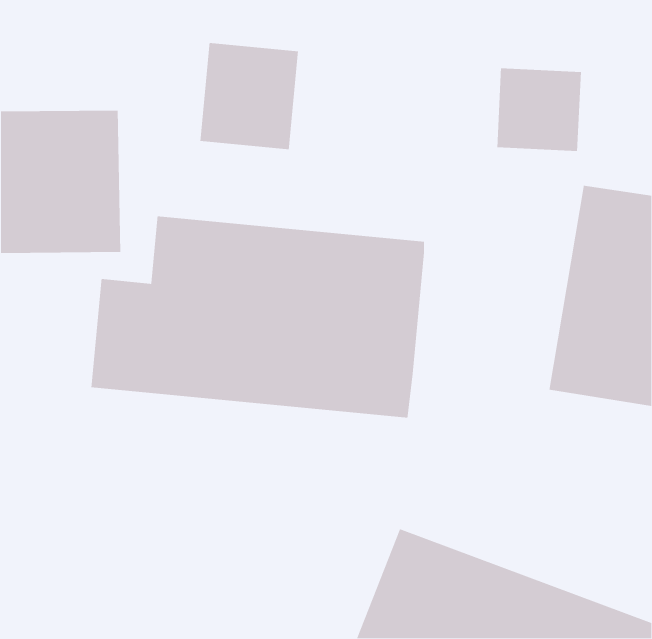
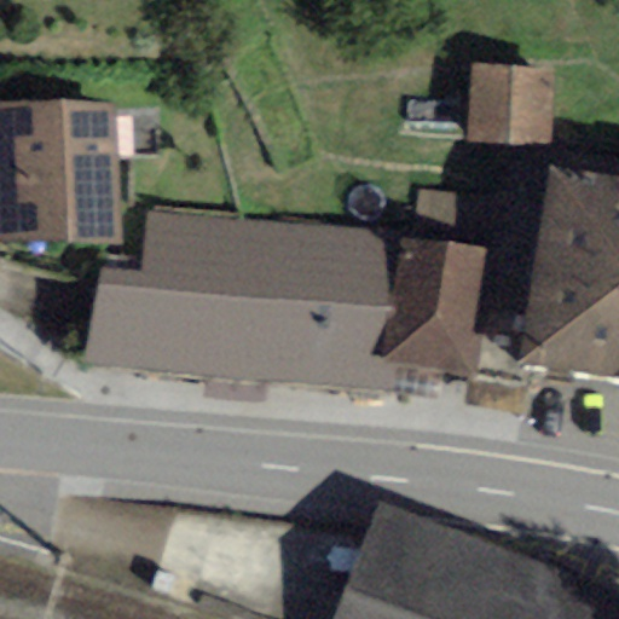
building: [199,42,299,150] -> none
building: none -> [392,239,488,363]

